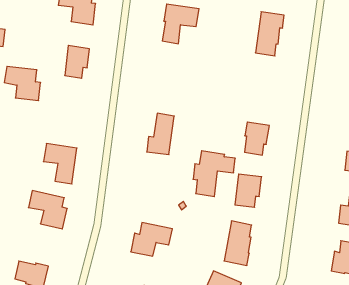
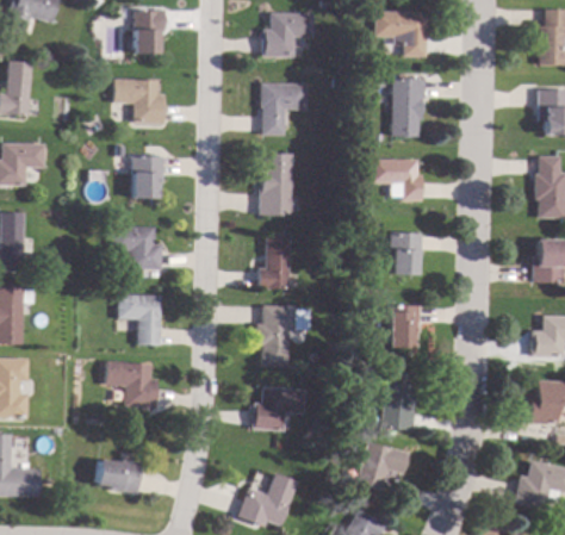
building: none -> [260,153,293,214]
building: [4,66,41,101] -> [112,226,162,268]
building: none -> [372,158,423,200]
building: [193,151,235,197] -> [256,304,311,365]

